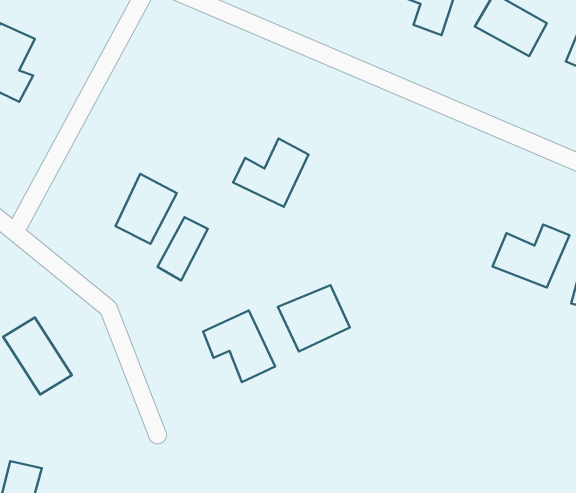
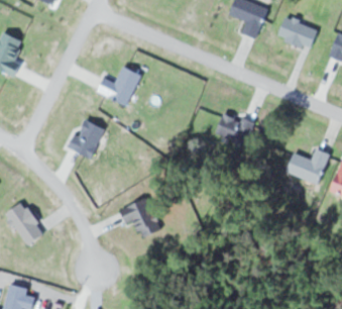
building: [233,139,308,207] -> [96,66,139,105]
building: none -> [214,112,253,144]
building: [157,217,208,281] -> none
building: [278,285,350,351] -> none

